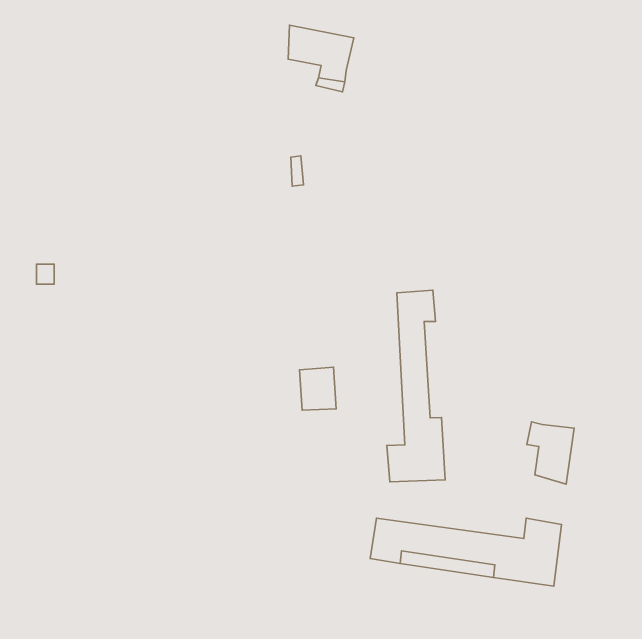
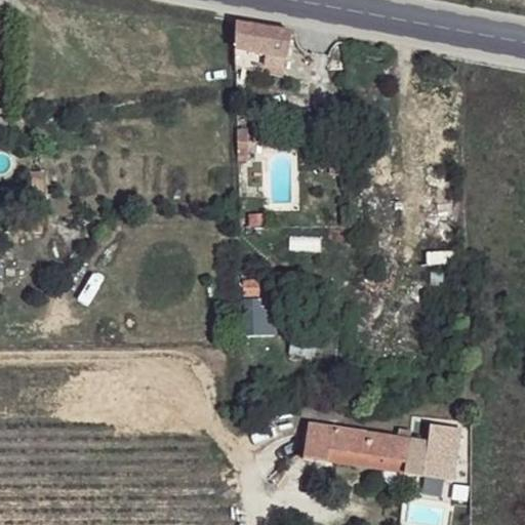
building: [387,290,445,482] -> none
building: [527,422,574,484] -> none

